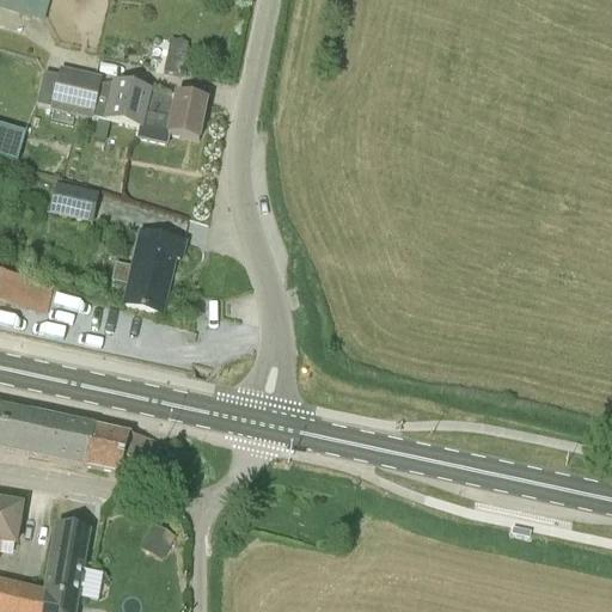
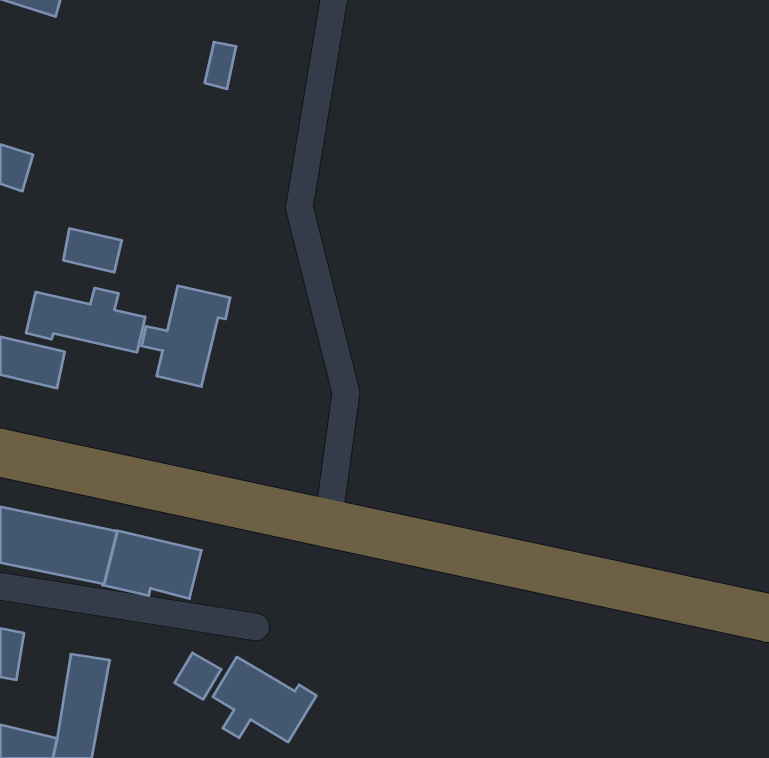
building: [50,71,99,112] -> none
building: [106,76,206,140] -> none
building: none -> [26,288,145,352]
building: none -> [213,657,316,742]

